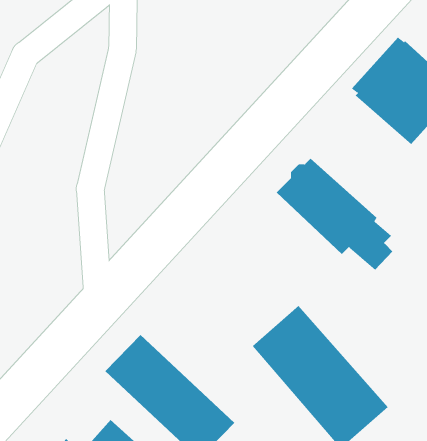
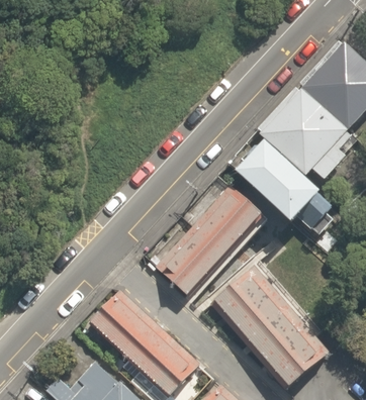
building: none -> [258,88,355,181]
building: none -> [156,185,264,297]

